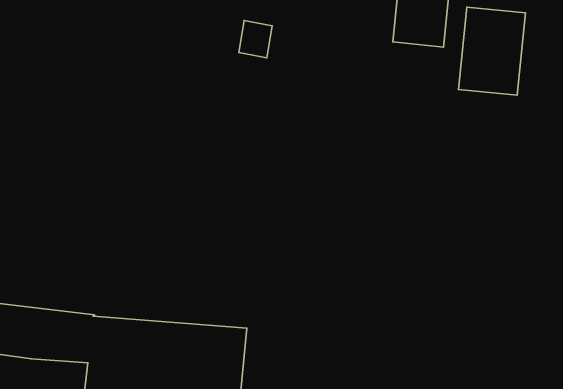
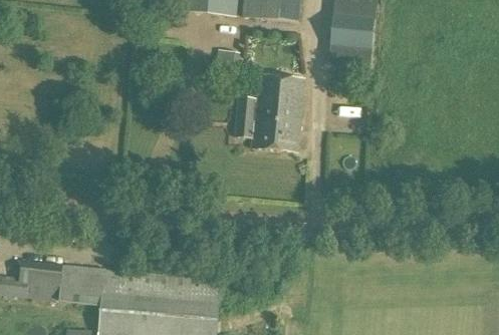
building: [458,7,525,95] -> none
building: none -> [235,75,304,152]

